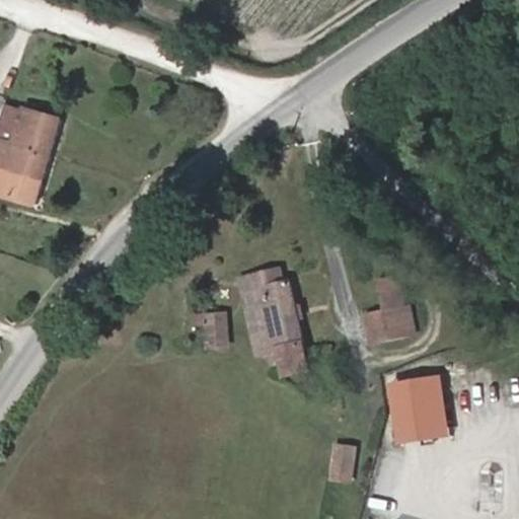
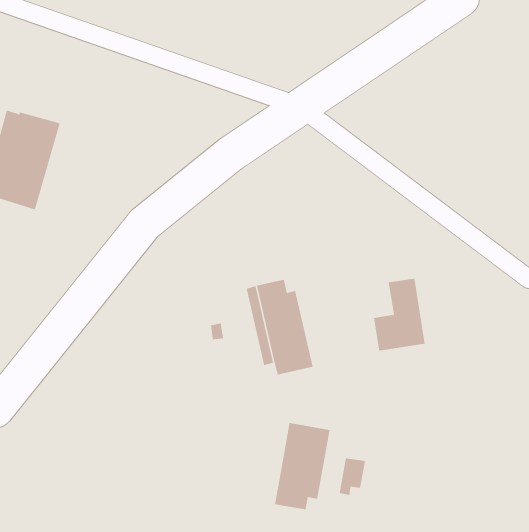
building: [390,374,450,446] -> none
building: none -> [274,422,330,510]

